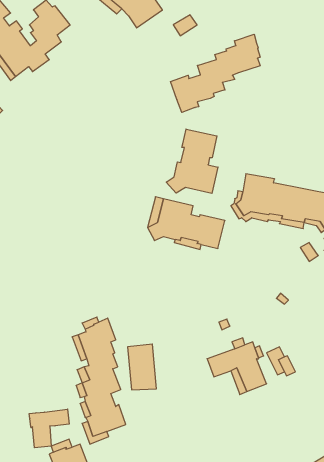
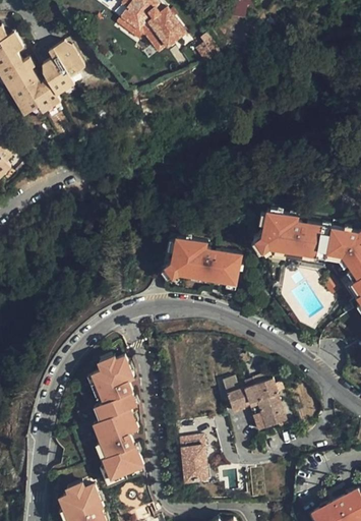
building: [171,34,260,112] -> none
building: [166,129,218,193] -> none
building: [128,344,156,390] -> [179,433,208,480]
building: [29,409,69,448] -> none

